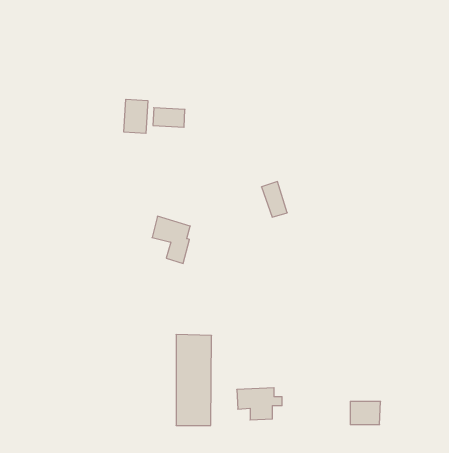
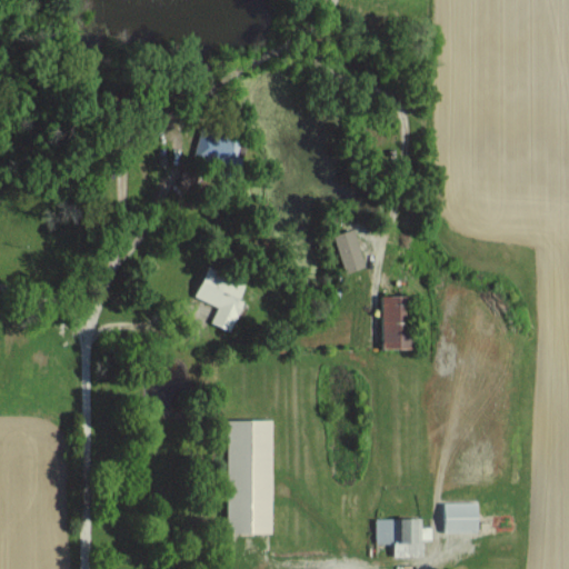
building: [124,99,148,133] -> none
building: none -> [382,297,412,350]
building: [237,388,282,420] -> [378,518,435,558]

